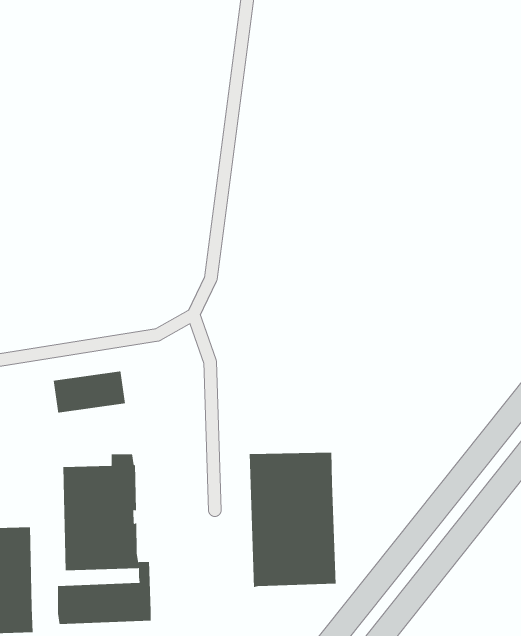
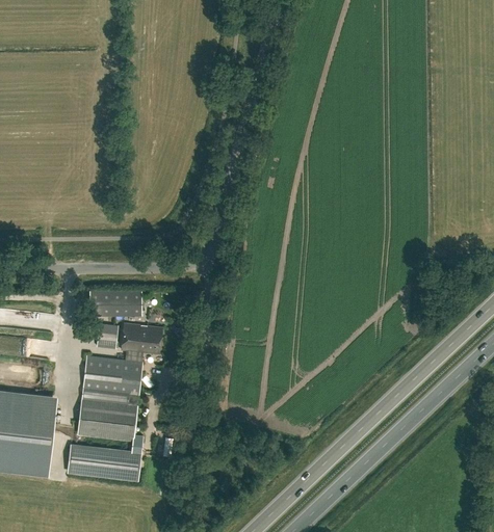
building: none -> [97,323,162,354]
building: [249,452,336,588] -> none

